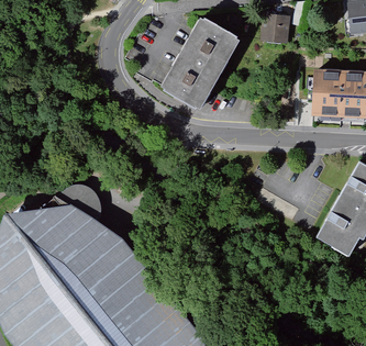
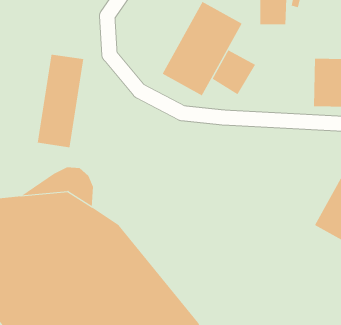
building: none -> [212,49,256,95]
building: none -> [37,54,84,148]

